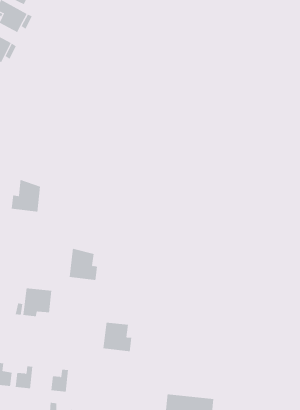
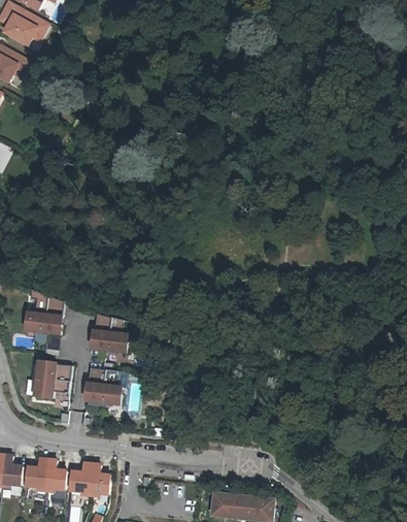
building: [11,179,41,212] -> [26,292,63,333]
building: [102,322,132,352] -> [84,368,122,405]
building: none -> [44,460,66,490]
building: none -> [89,464,109,494]

